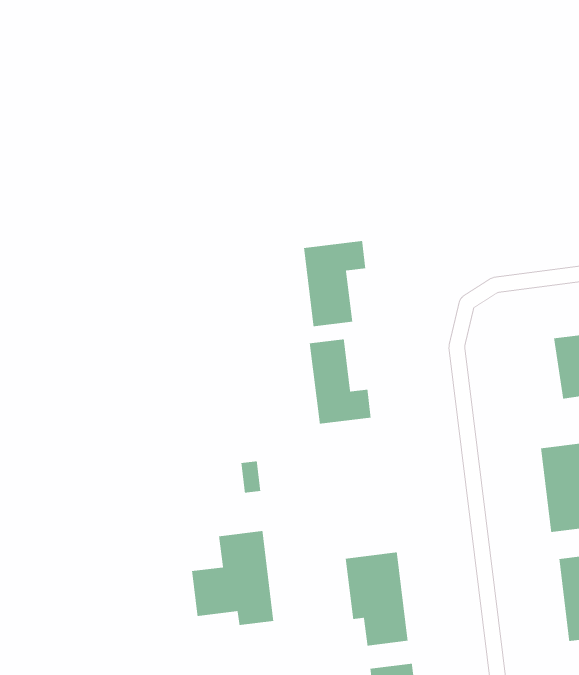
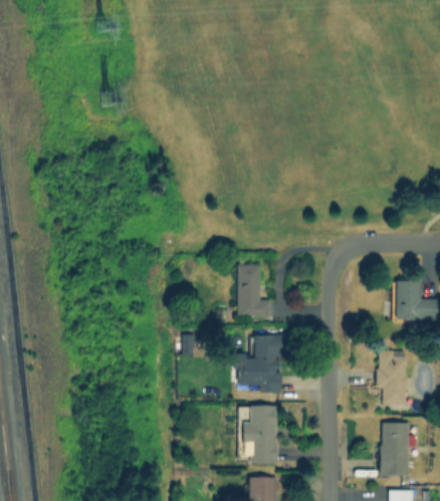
building: [303,240,366,327] -> none
building: [191,530,274,626] -> [233,333,282,393]

